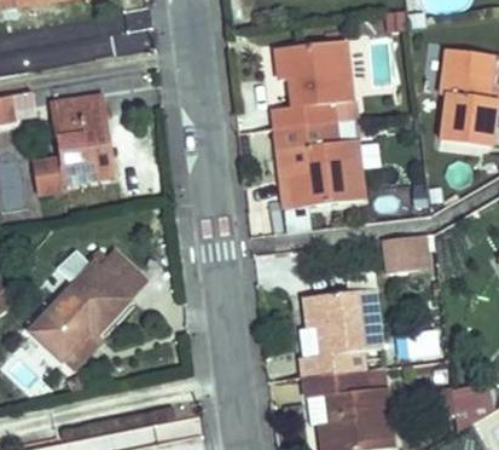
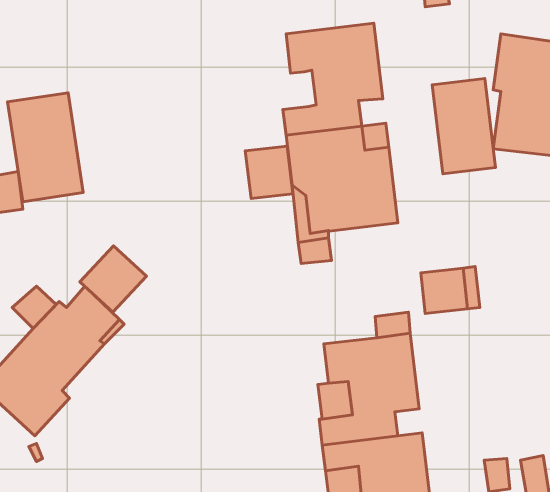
building: none -> [432,78,496,174]
building: none -> [245,146,293,199]
building: none -> [80,246,146,312]

